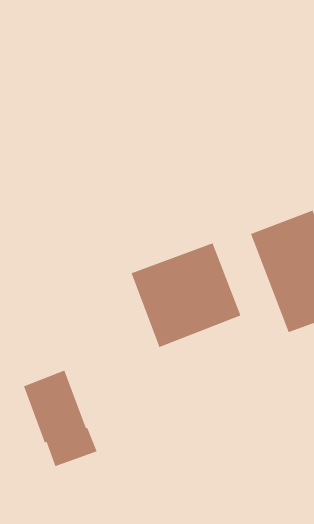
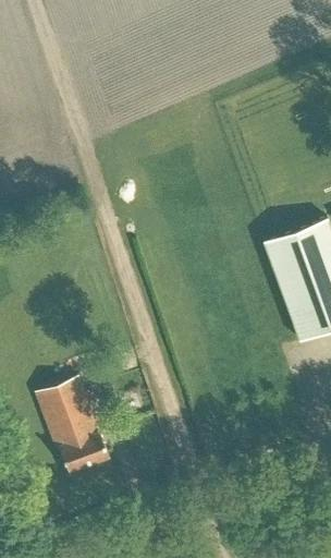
building: [131,242,241,348] -> none

